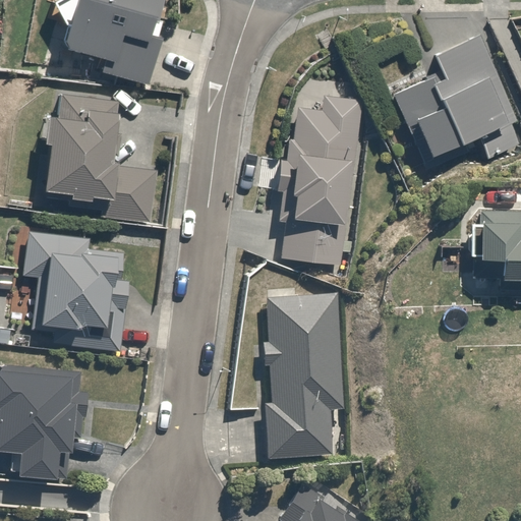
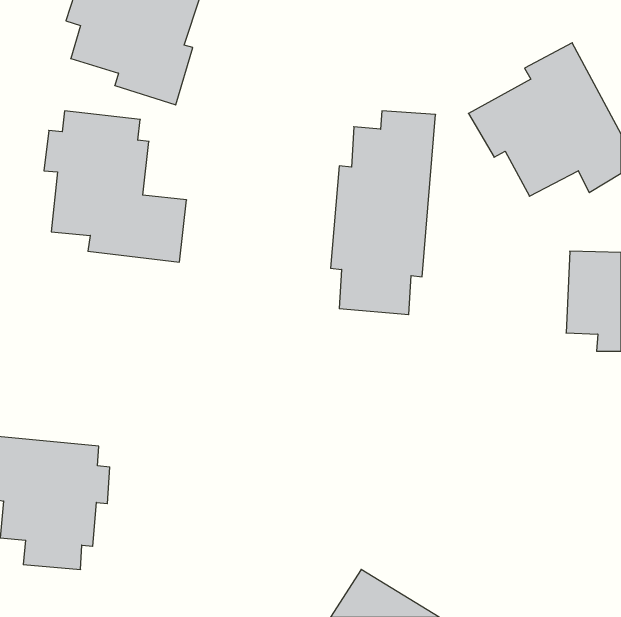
building: [16,234,128,354] -> none
building: [262,292,341,458] -> none

